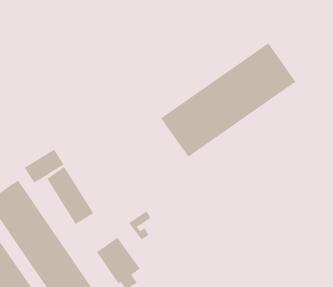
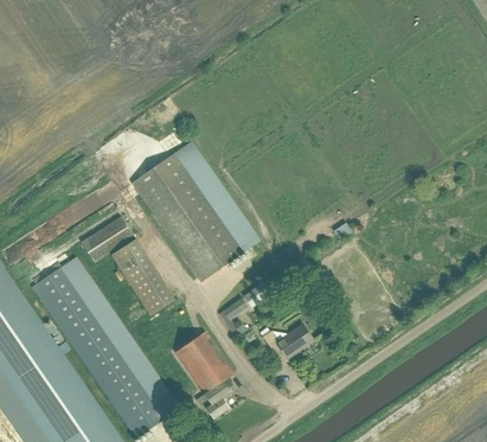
building: [161,43,296,158] -> none
building: none -> [130,141,257,280]
building: none -> [261,324,312,357]

